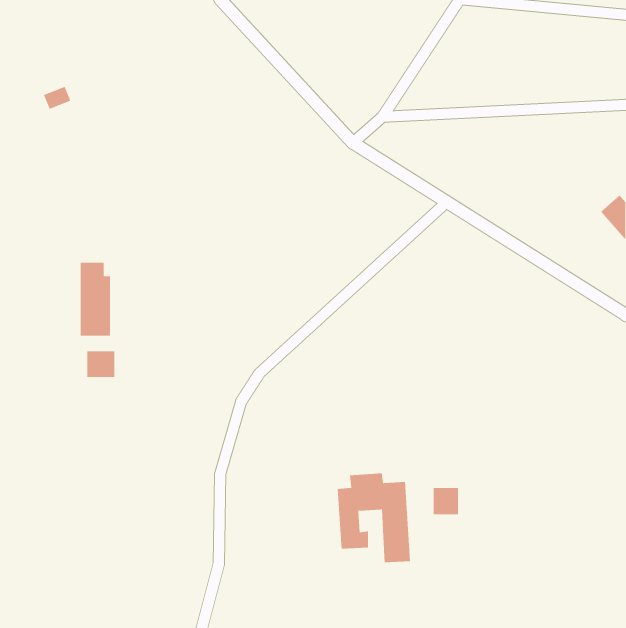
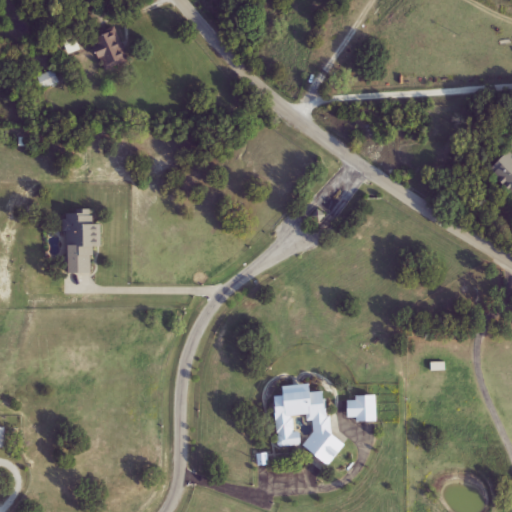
building: none -> [92,31,126,69]
building: [87,350,115,378] -> none

